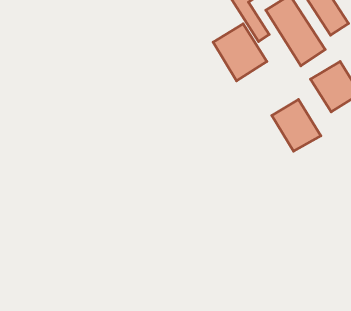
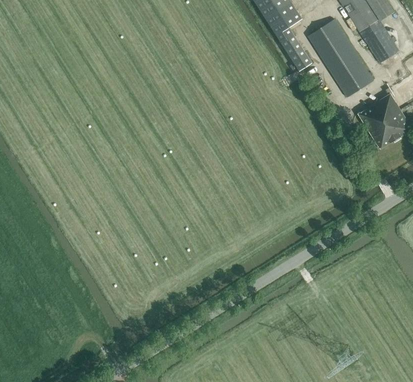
building: [213,24,267,81] -> none
building: [272,99,321,151] -> none

